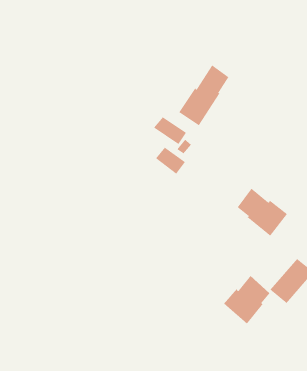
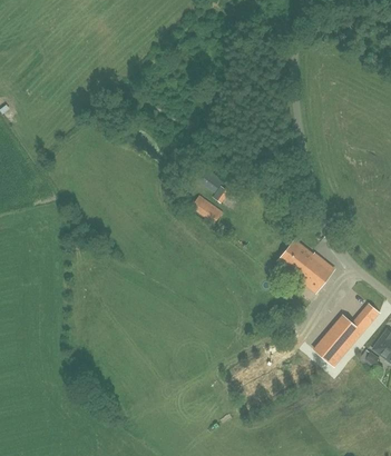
building: [178,65,229,126] -> none
building: [223,275,270,324] -> none

